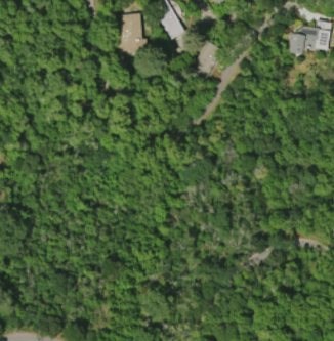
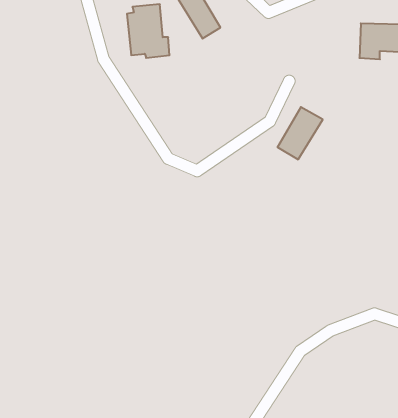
building: [191,41,224,80] -> [277,107,323,159]

